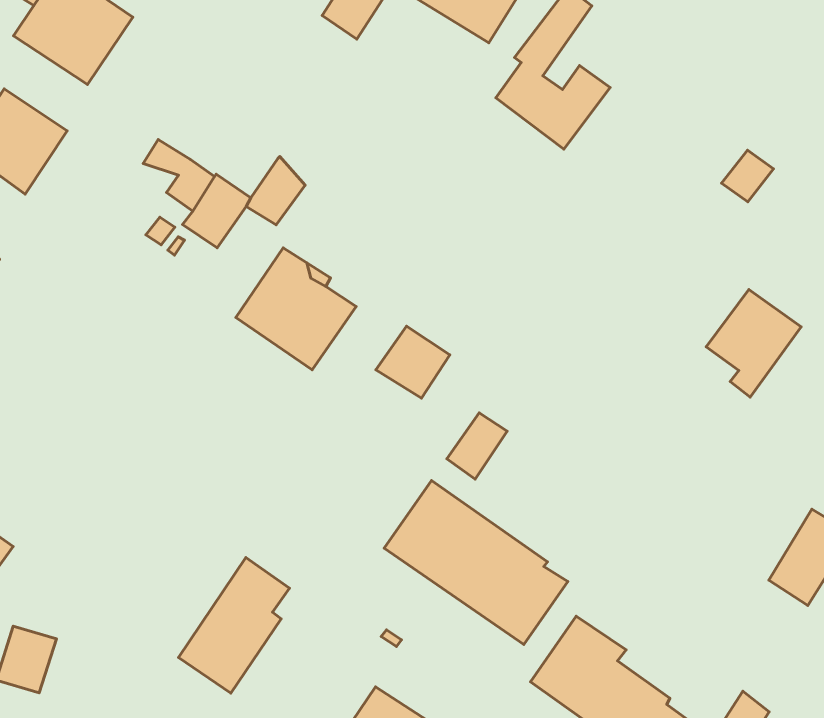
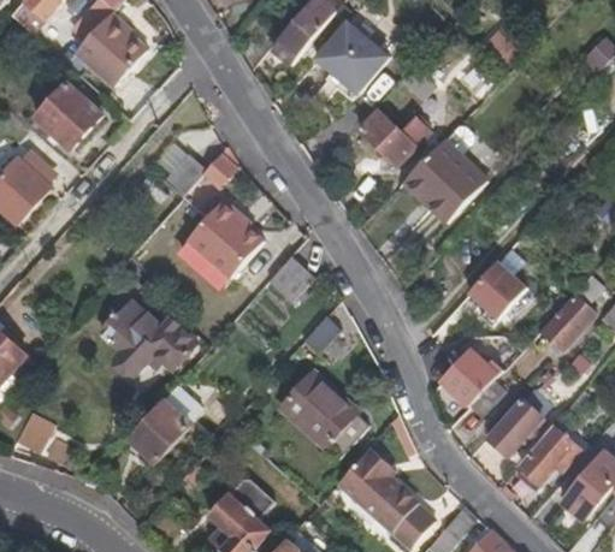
building: none -> [402,126,485,222]
building: none -> [97,303,196,375]
building: none -> [442,351,499,405]

